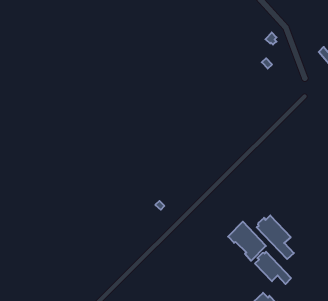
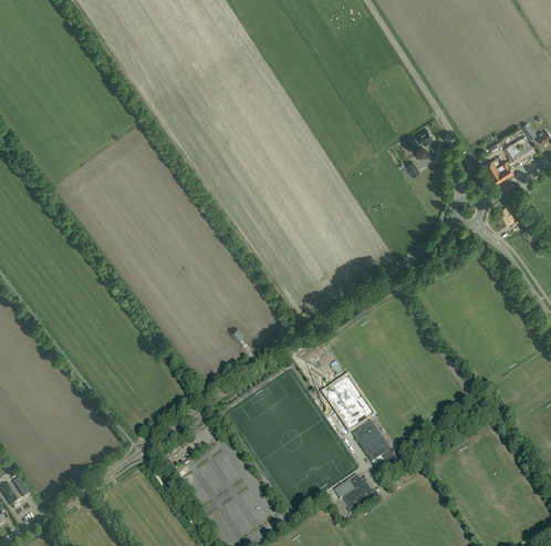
building: [257,215,294,259] -> none

